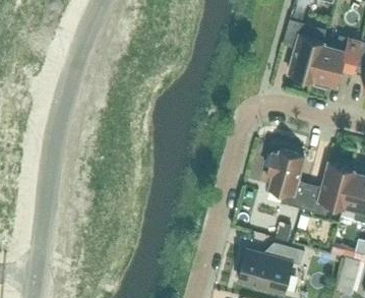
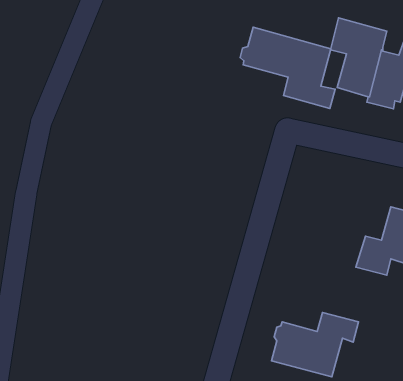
building: none -> [240,27,335,109]
building: [267,150,309,208] -> none

